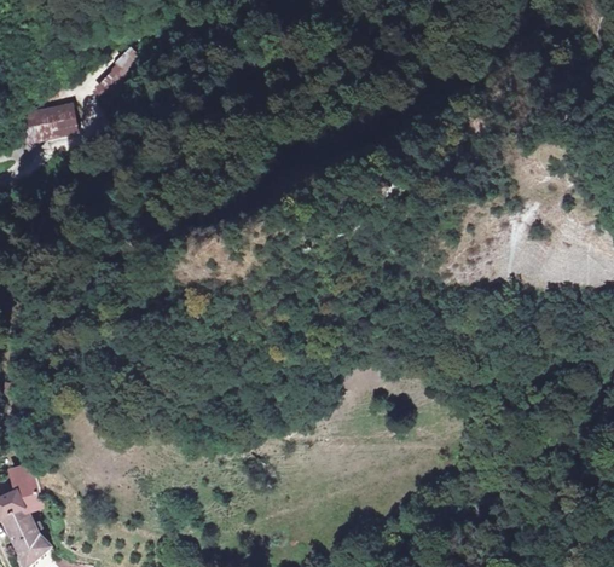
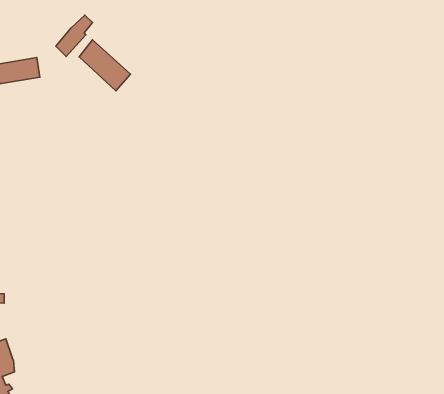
building: none -> [79,40,130,91]

